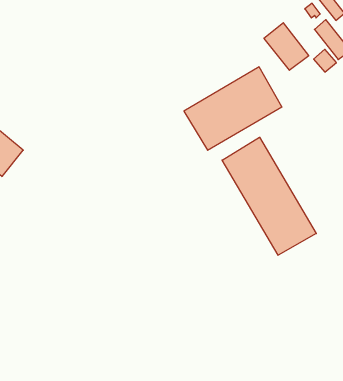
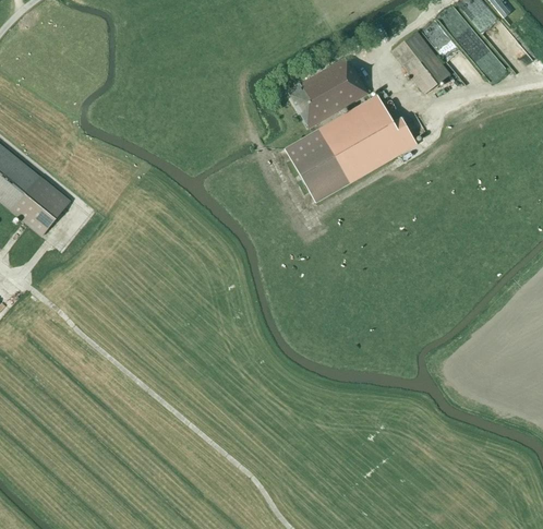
building: none -> [287,58,369,129]
building: [314,49,336,72] -> [420,16,450,47]
building: [222,137,316,255] -> none

